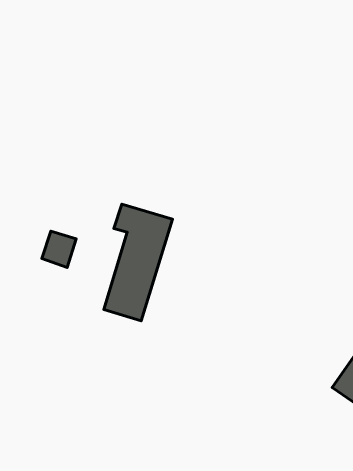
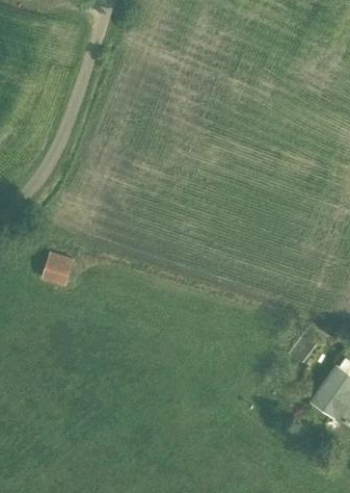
building: [104,204,172,321] -> none

